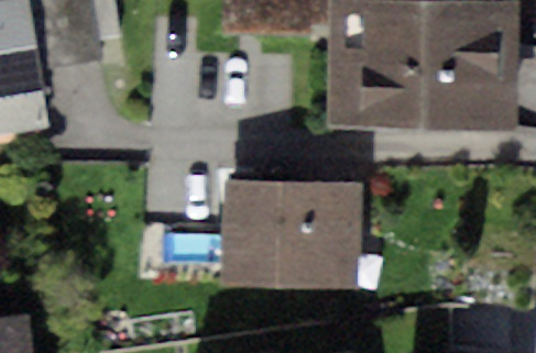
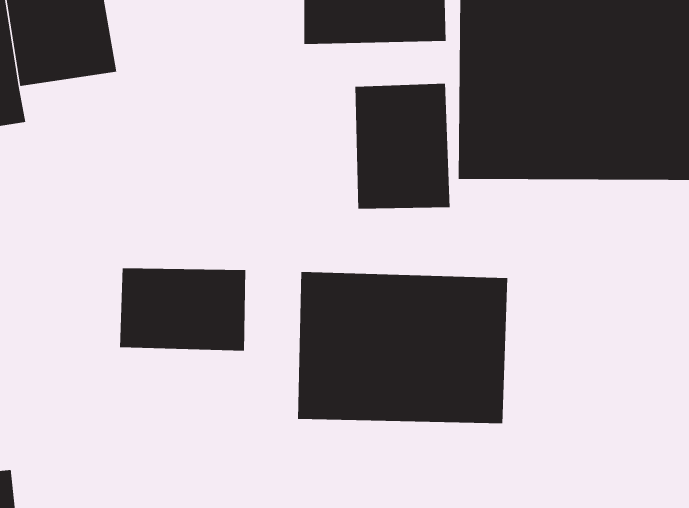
building: none -> [355,83,450,210]
building: none -> [120,267,246,352]

